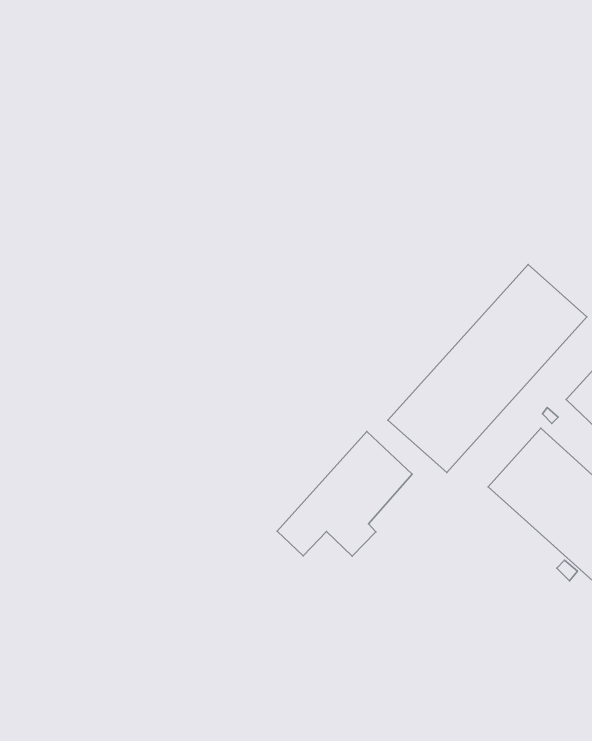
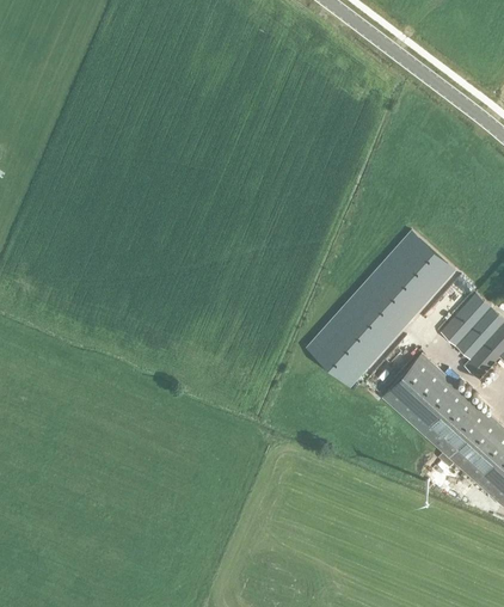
building: [277,432,412,556] -> none

